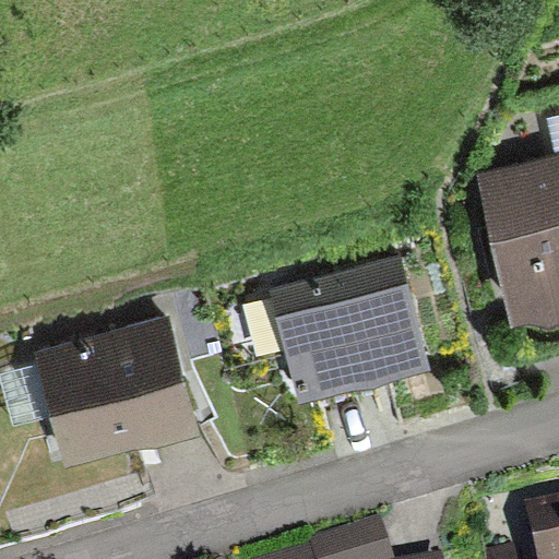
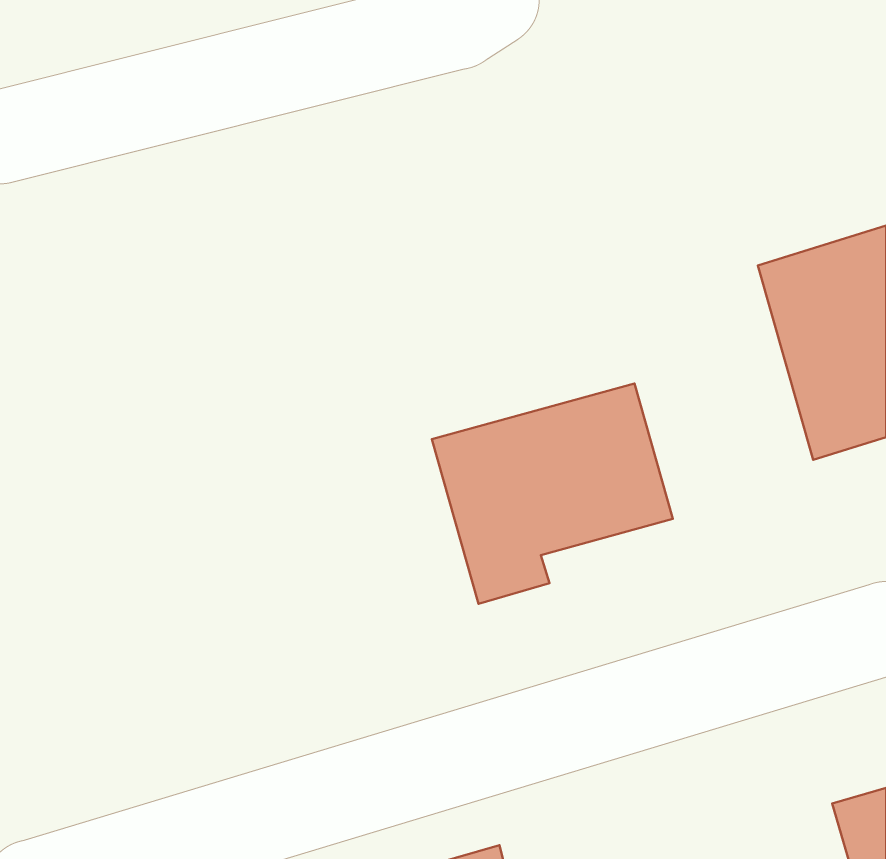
building: [38,320,195,451] -> none

